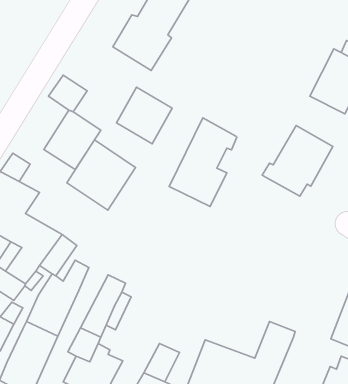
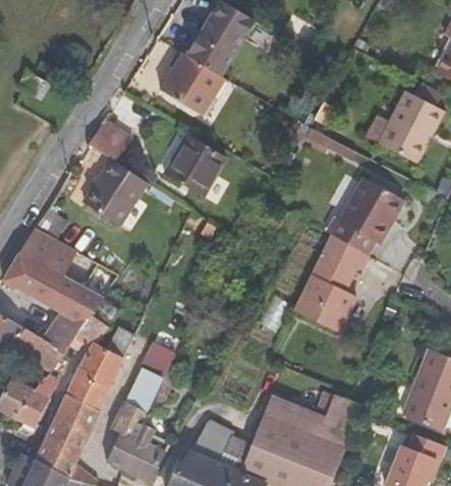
building: [169,118,237,207] -> [293,235,369,333]
building: [67,140,136,210] -> none
building: none -> [263,390,334,435]

